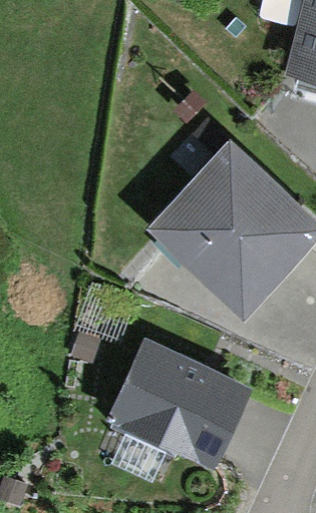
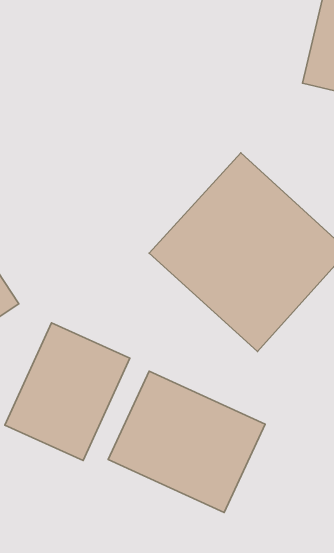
building: none -> [5,323,130,460]

